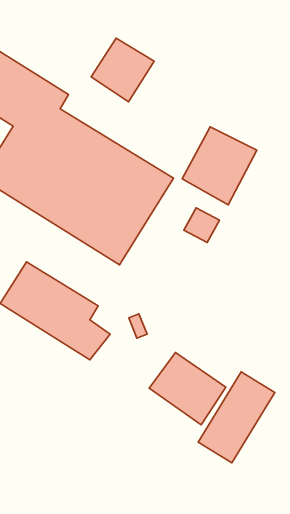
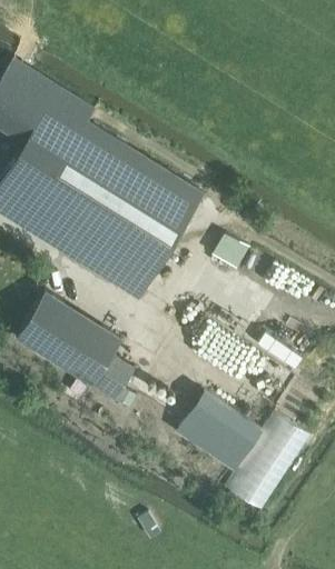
building: [91,38,154,102] -> none
building: [182,127,257,205] -> none

